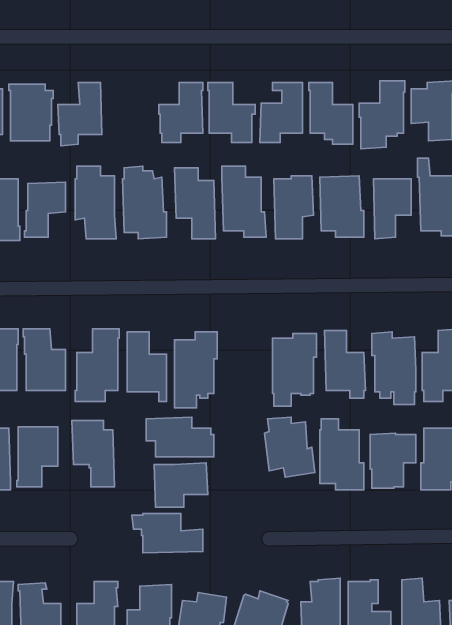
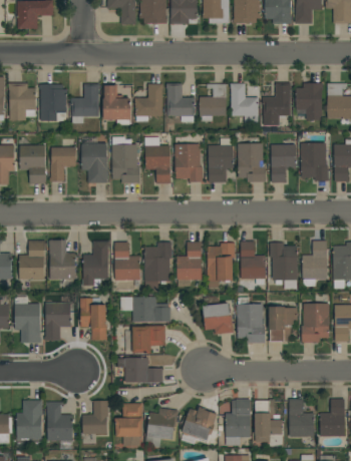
building: none -> [103,83,130,119]
building: none -> [177,241,202,286]

